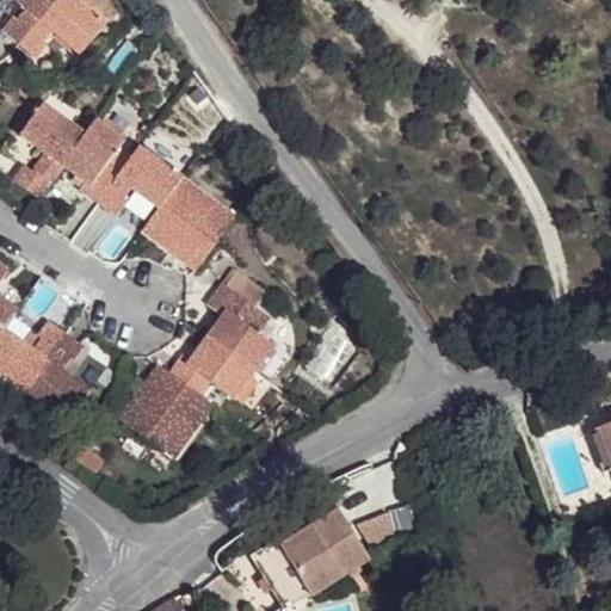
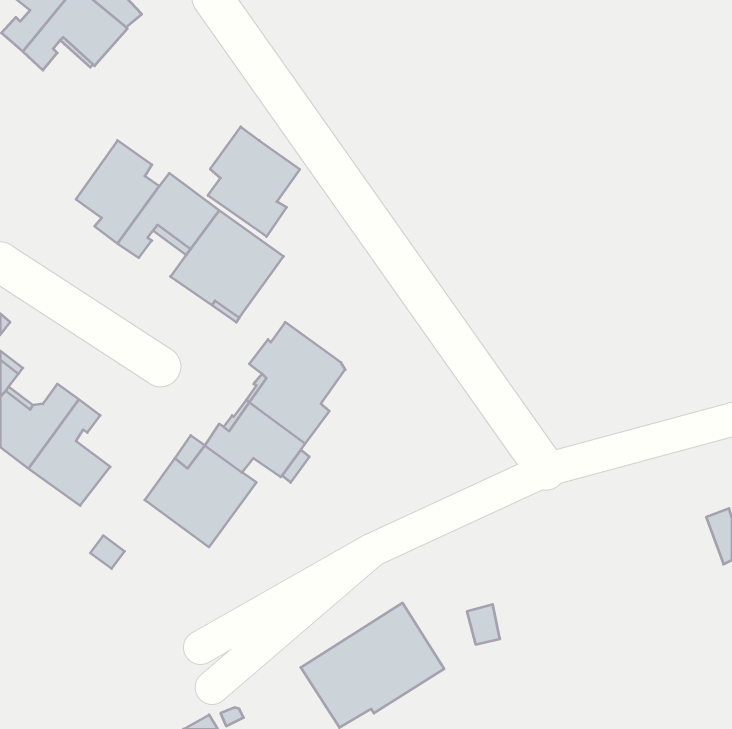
building: [13,101,87,198] -> none
building: none -> [208,127,300,237]

